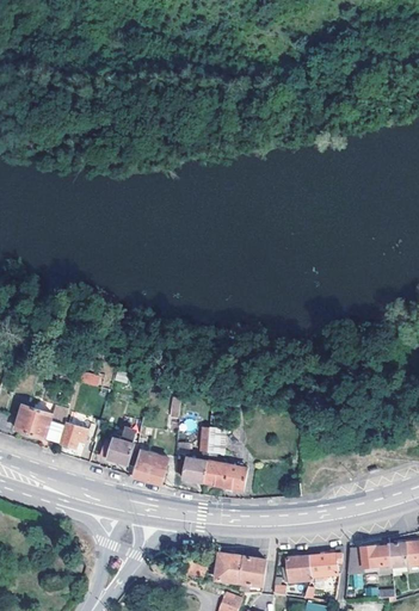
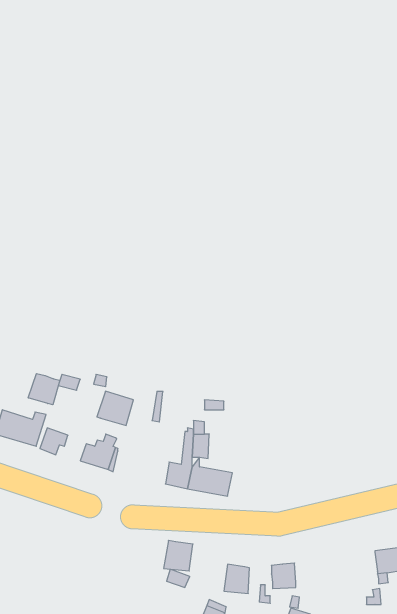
building: none -> [28,374,60,405]
building: [131,450,167,483] -> [97,391,133,425]
building: [309,545,343,575] -> none
building: [349,545,390,566] -> none
building: [215,554,244,584] -> [164,540,193,571]

